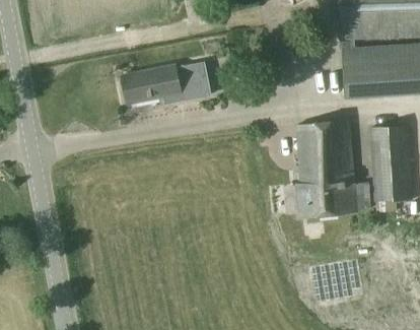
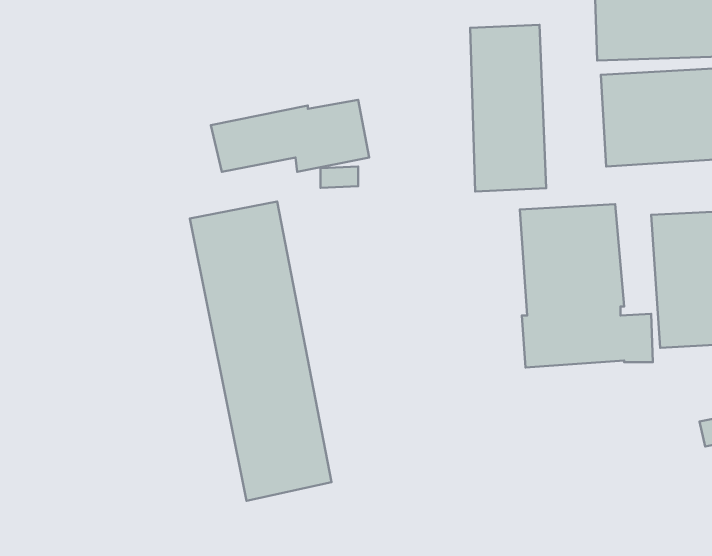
building: none -> [470,25,546,191]
building: none -> [190,201,332,501]

